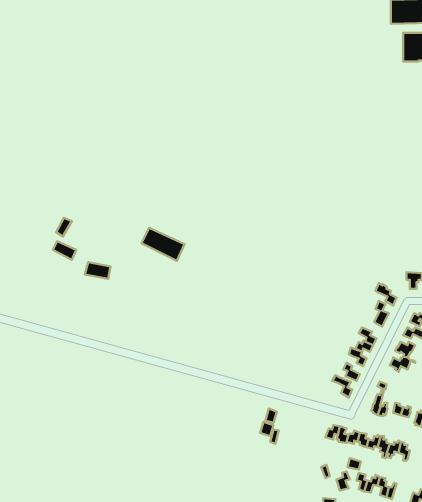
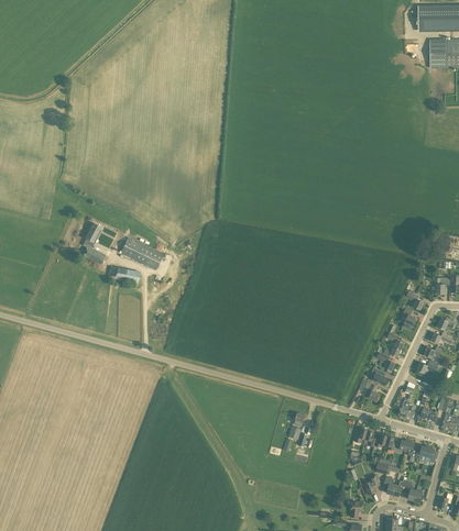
building: [141,228,185,261] -> [120,236,163,269]

